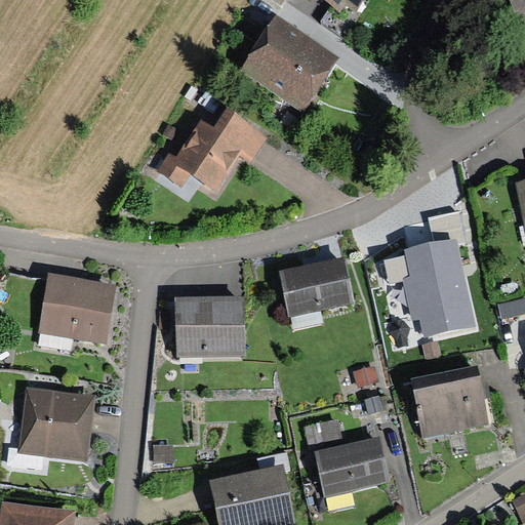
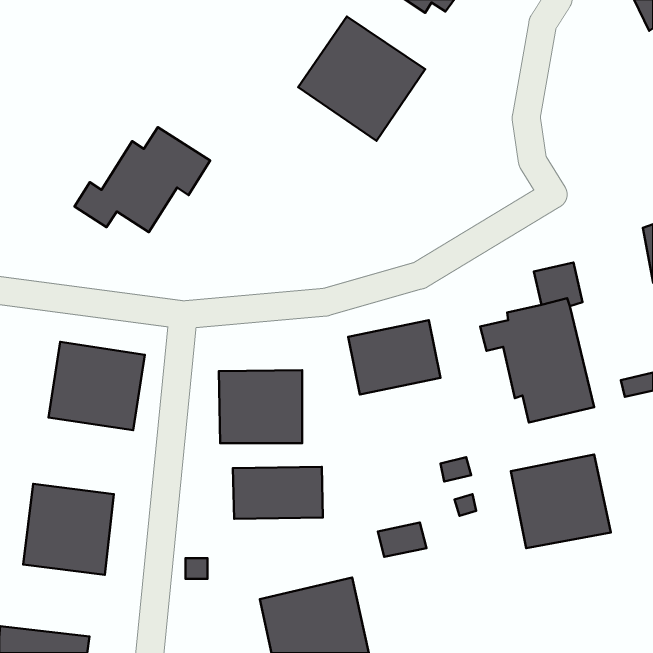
building: [156,107,265,191] -> [75,127,210,232]
building: none -> [233,467,323,519]
building: [315,437,388,494] -> none

